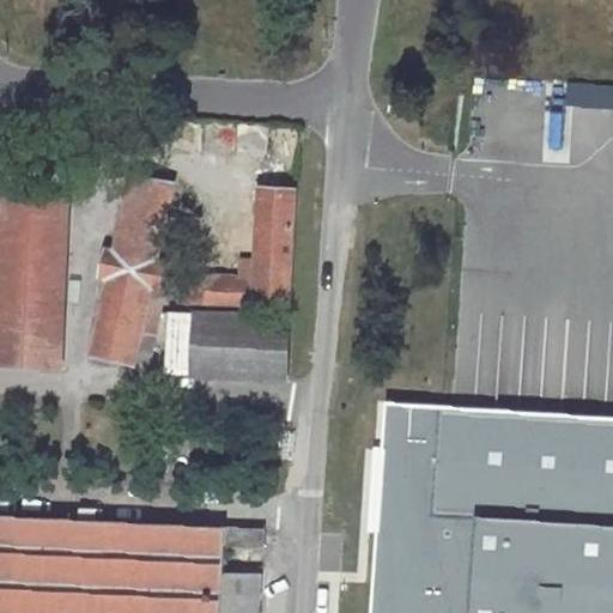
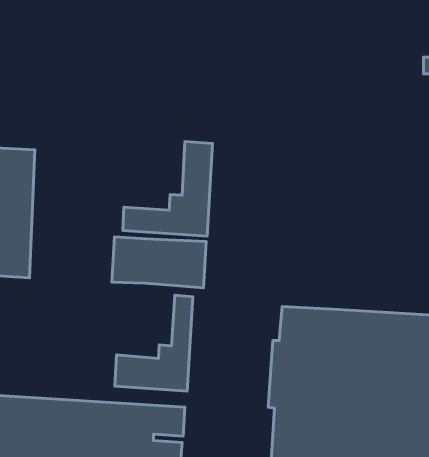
building: [91,176,180,364] -> none
building: none -> [115,295,193,391]

